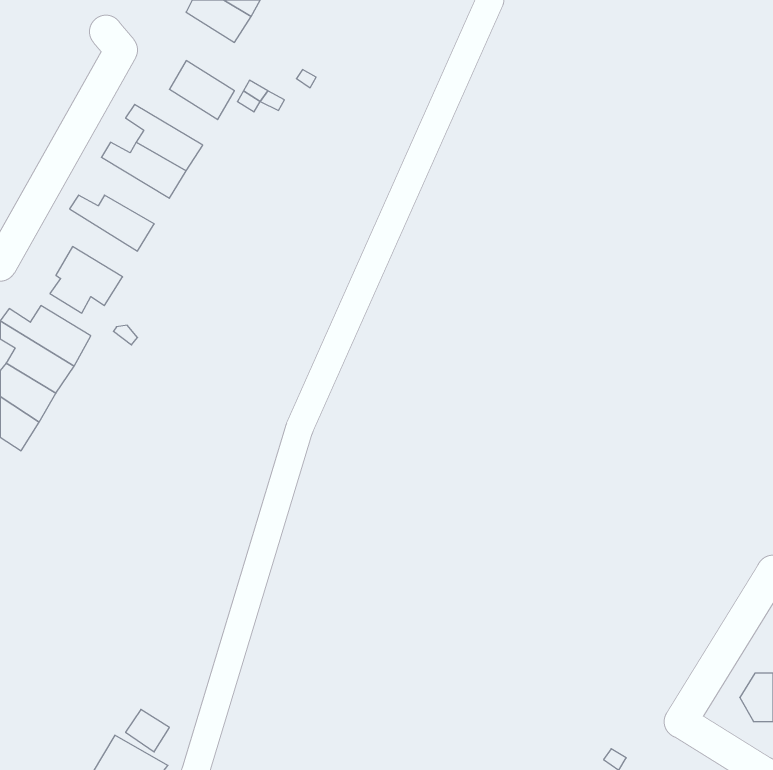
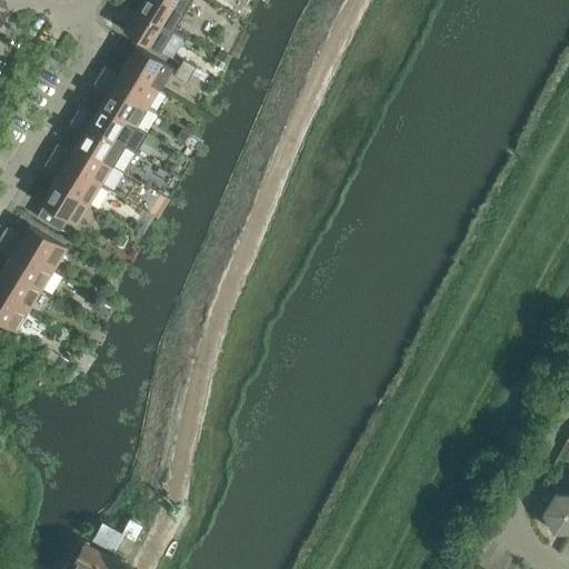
building: none -> [124,11,172,53]
building: none -> [99,68,160,109]
building: none -> [68,118,124,167]
building: none -> [44,156,101,206]

